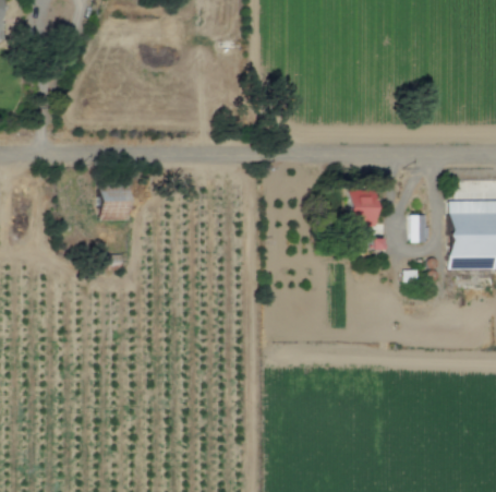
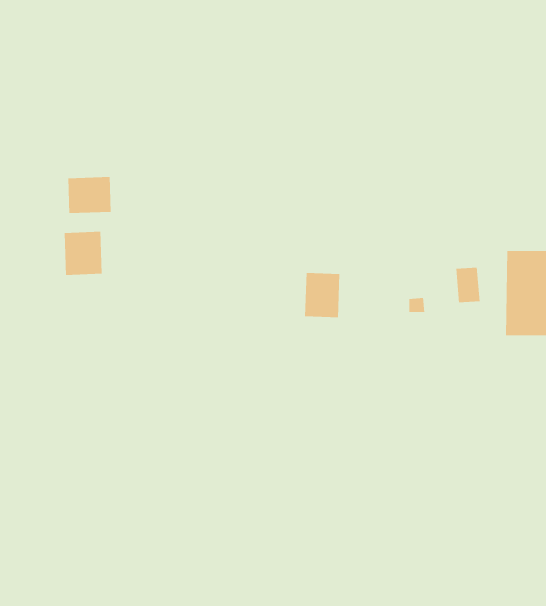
building: none -> [68,176,111,214]
building: [351,189,379,225] -> [304,273,340,318]

